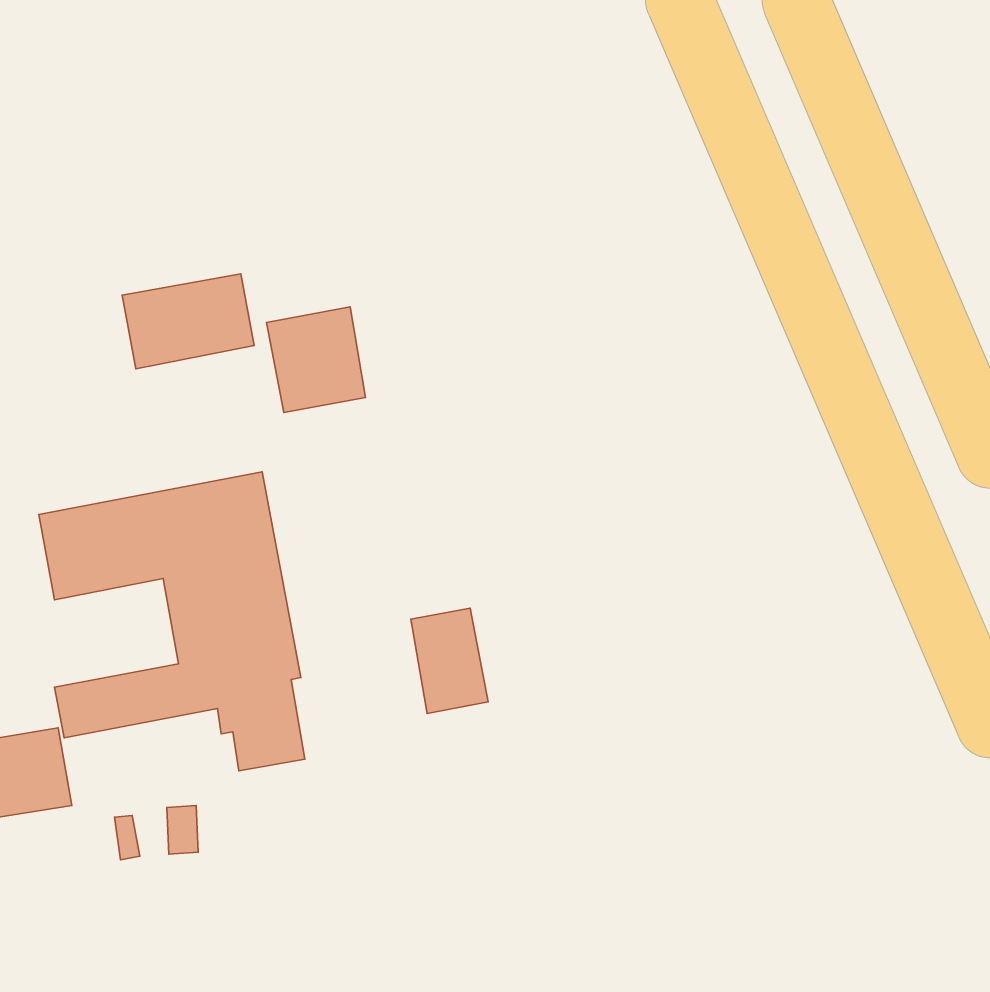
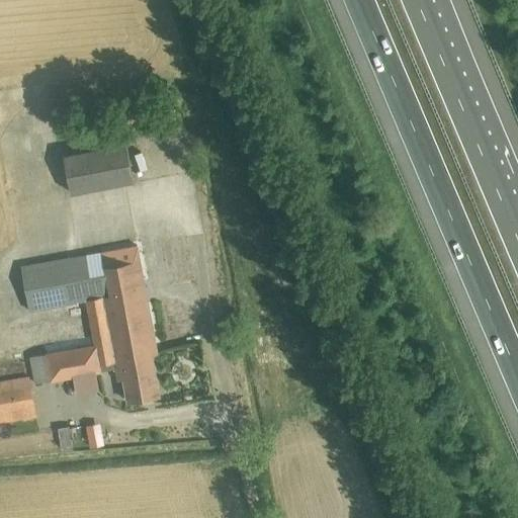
building: [266,307,366,413] -> none
building: [411,608,488,713] -> none

